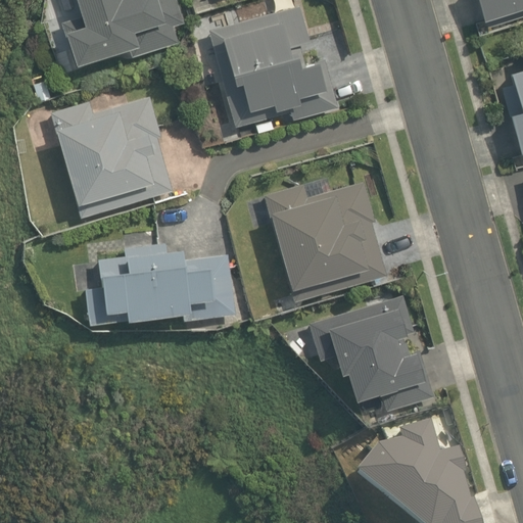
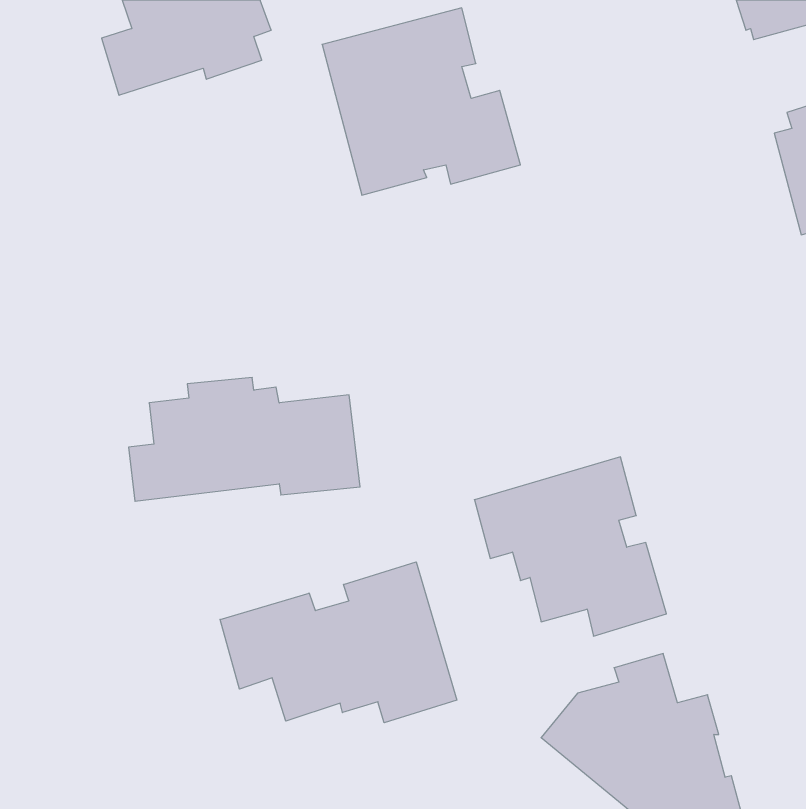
building: [52,97,173,218] -> none
building: [265,182,387,300] -> none
building: none -> [220,562,457,723]

